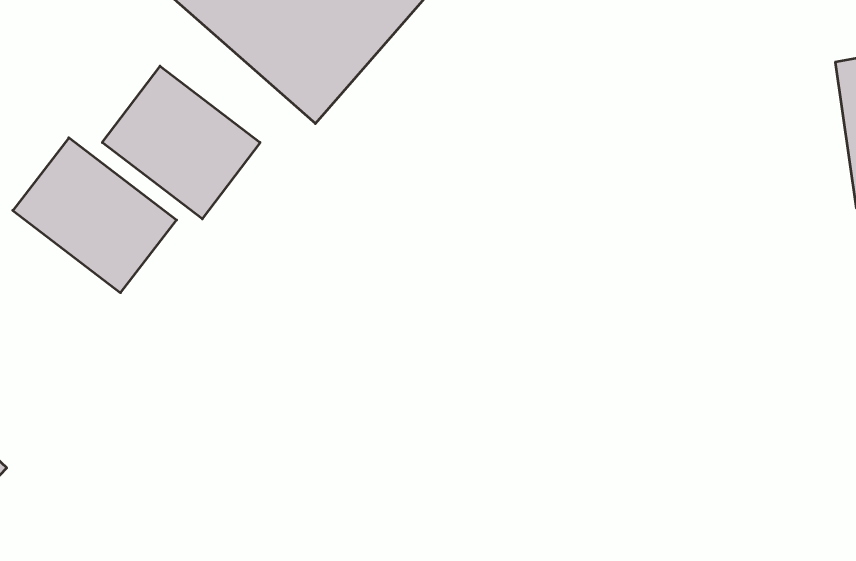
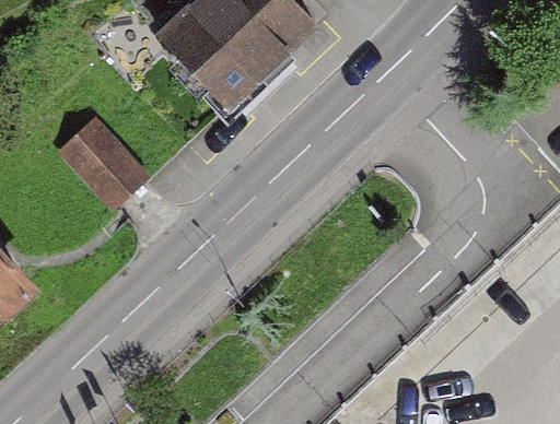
building: [102,66,260,219] -> none

